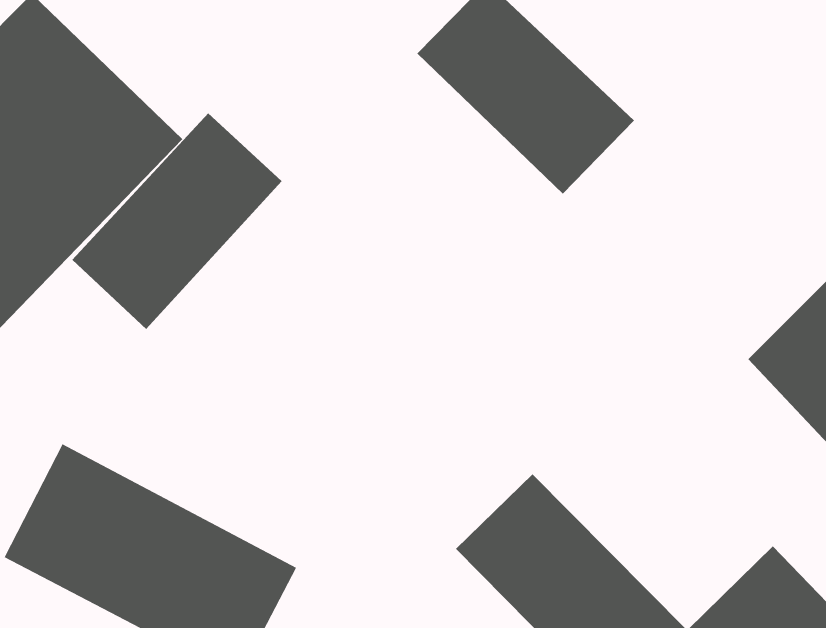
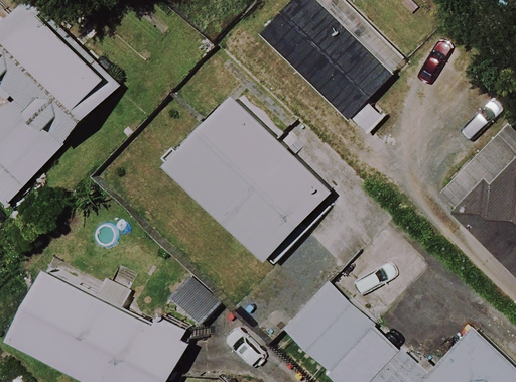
building: [71,112,282,330] -> none
building: none -> [166,96,331,257]

